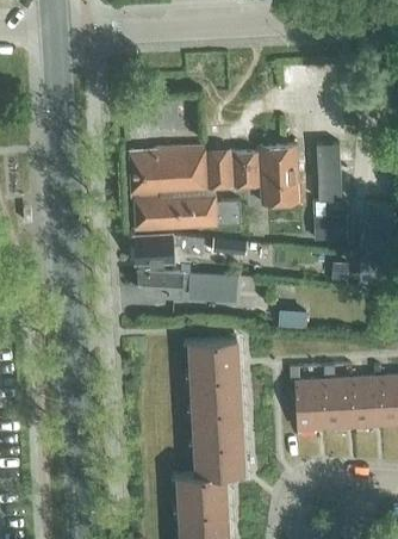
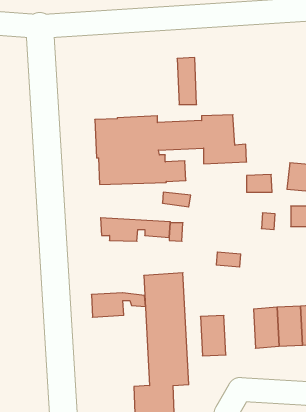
building: [316,143,340,200] -> [177,58,197,105]
building: [133,234,199,264] -> [91,293,145,317]
building: [293,380,324,429] -> [200,316,226,356]

